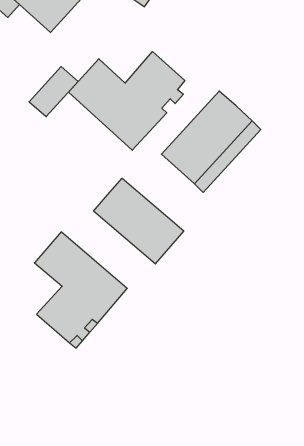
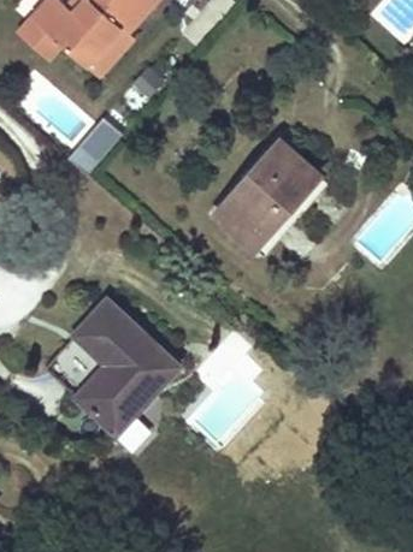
building: [69,52,185,150] -> none
building: [94,178,184,264] -> none

